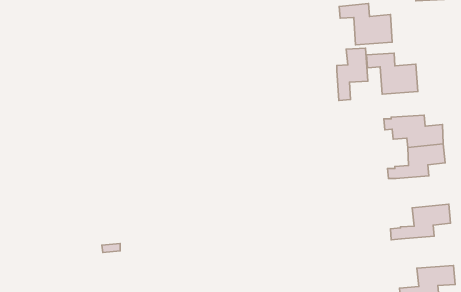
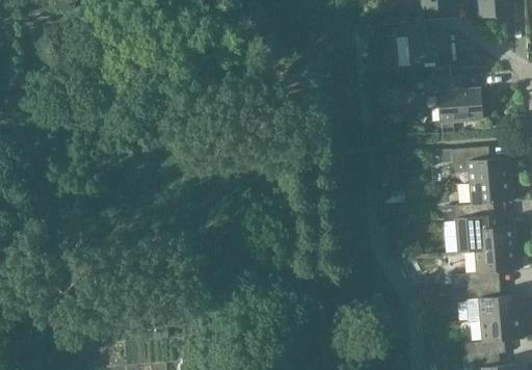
building: [337,48,368,100] -> none
building: none -> [455,216,515,254]
building: none -> [461,285,521,322]

